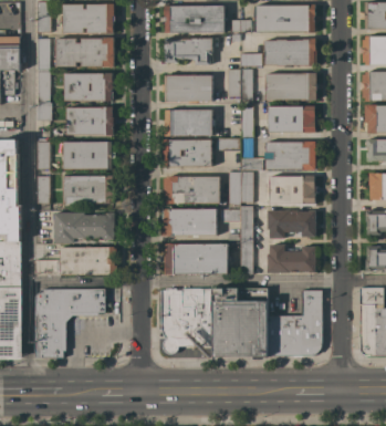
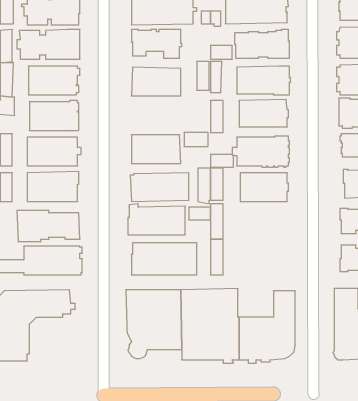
building: [165,110,215,136] -> none
building: [268,209,316,238] -> none
building: [268,245,316,273] -> none

